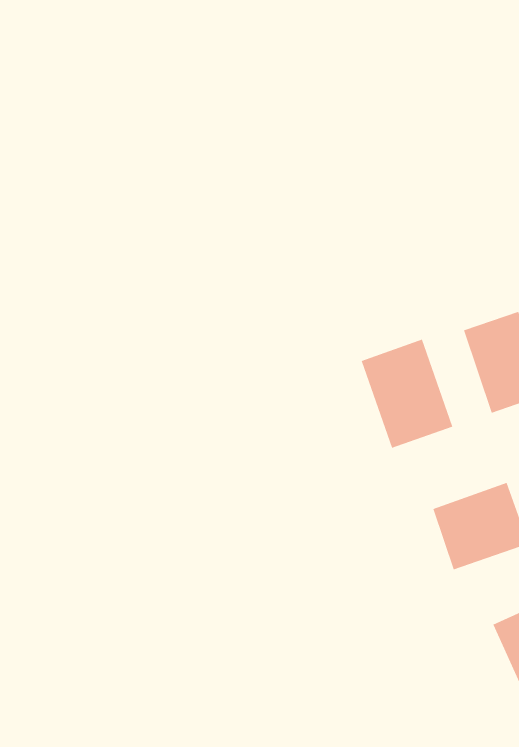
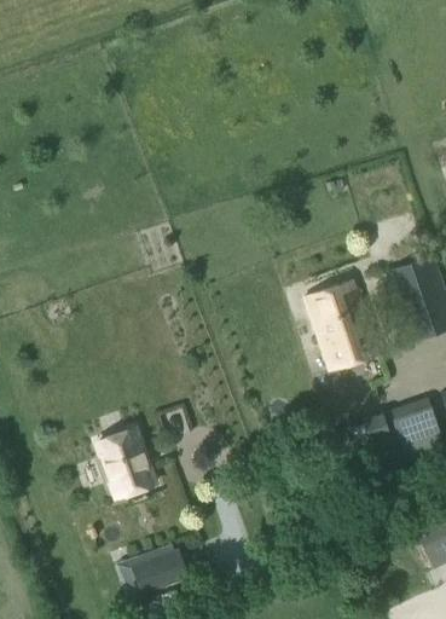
building: none -> [102,417,157,485]
building: none -> [115,544,189,596]

